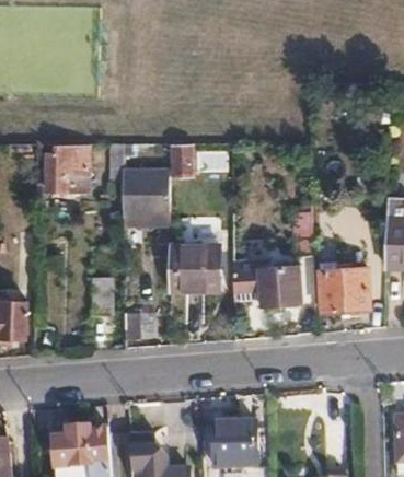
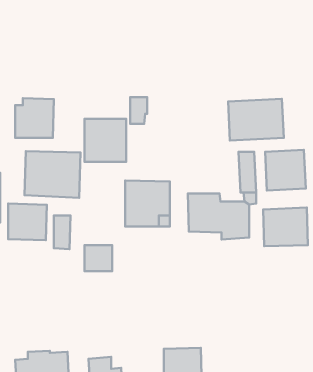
building: none -> [228,99,284,140]
building: none -> [265,150,306,190]
building: none -> [24,151,80,198]
building: none -> [8,204,47,240]

